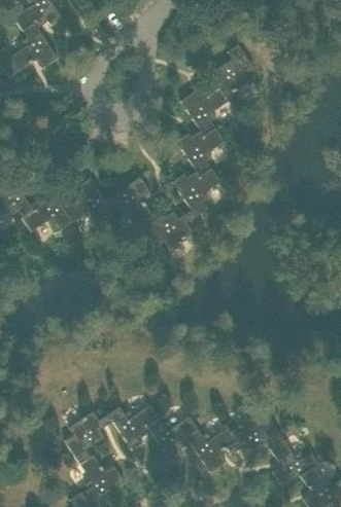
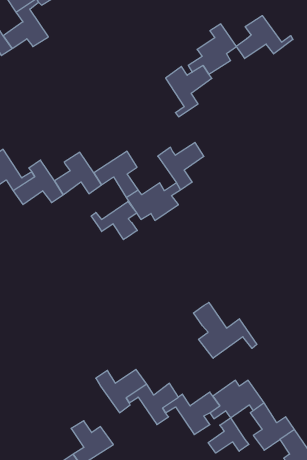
building: none -> [236,16,293,59]
building: [177,128,225,181] -> none
building: none -> [91,201,137,240]
building: none -> [193,302,257,358]
building: [65,411,112,466] -> none
building: none -> [208,418,249,453]

